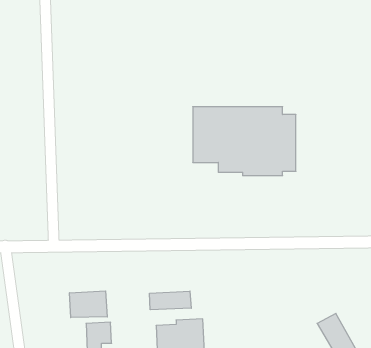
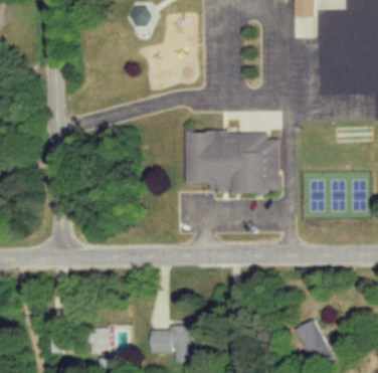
building: [70,291,107,318] -> none
building: [150,291,191,310] -> none

